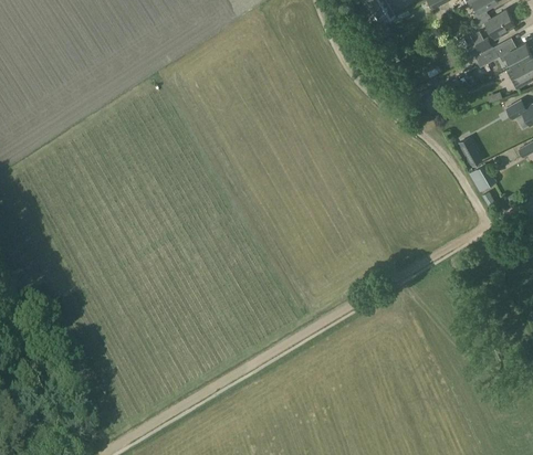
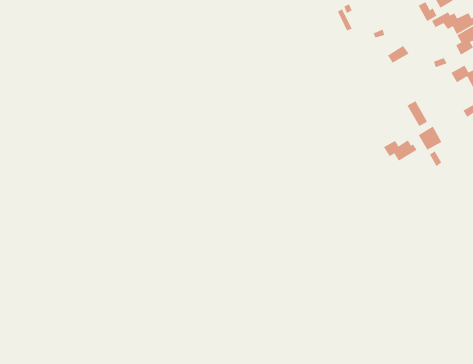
building: none -> [383,139,418,161]

